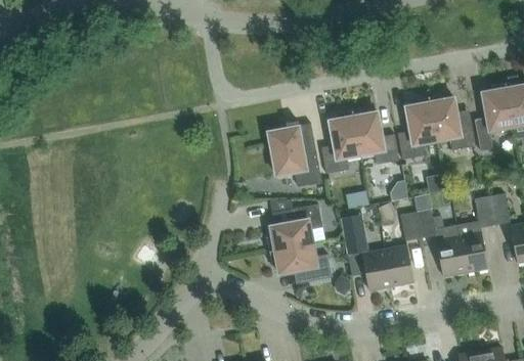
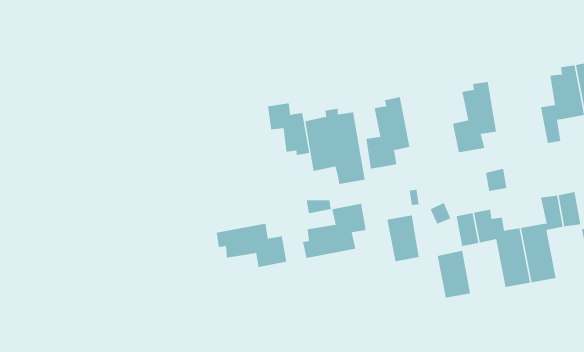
building: [429,94,475,150] -> none
building: [352,108,399,165] -> none
building: none -> [267,102,310,156]
building: [269,243,332,282] -> [216,223,287,268]
building: [362,250,391,291] -> none

